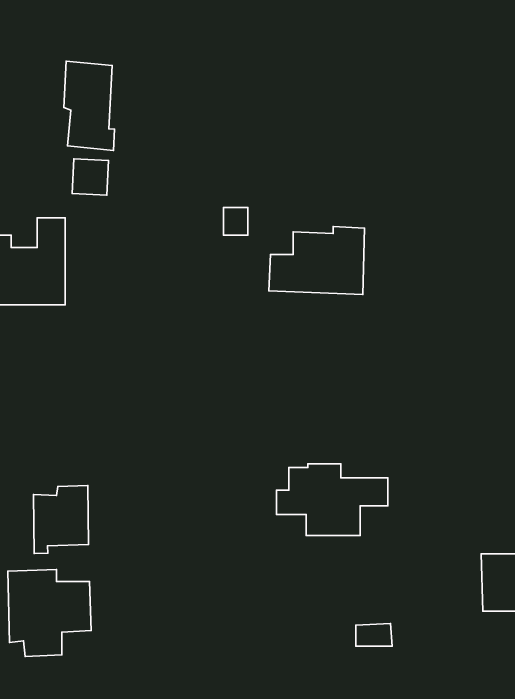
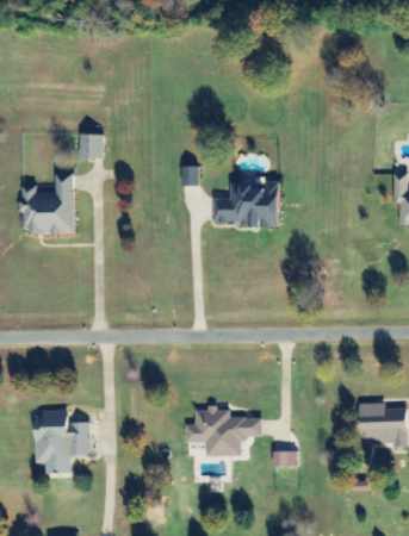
building: [64,61,114,150] -> none
building: [277,464,388,535] -> [186,407,262,456]
building: [33,486,88,554] -> none

